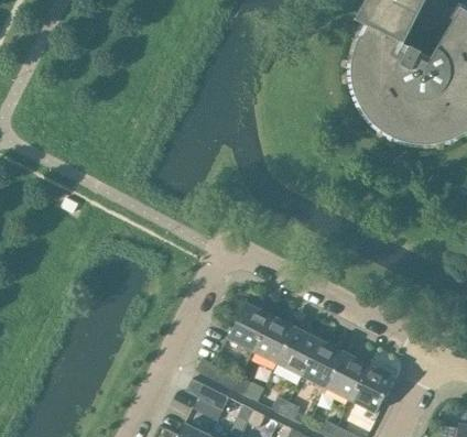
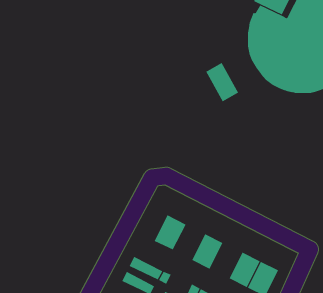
building: none -> [205,62,239,102]
building: [253,317,295,364] -> none
building: [302,341,345,389] -> none

